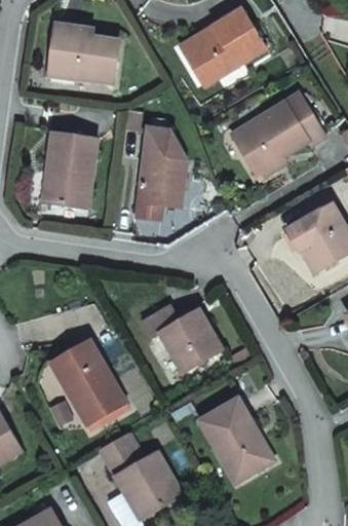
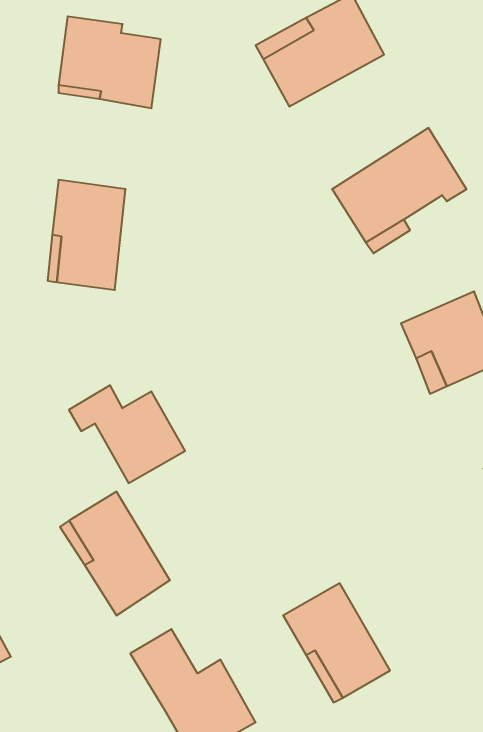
building: [137,127,186,219] -> none
building: [142,305,220,371] -> [69,385,185,483]

